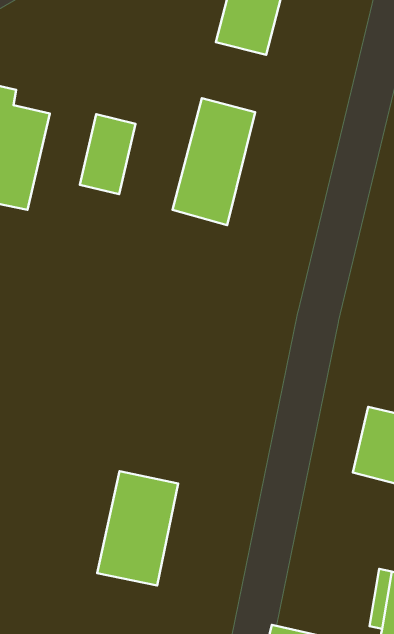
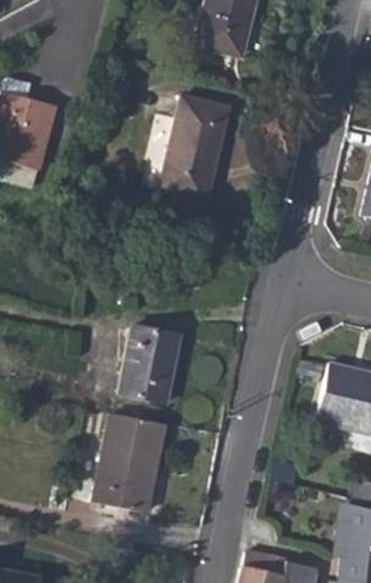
building: [80,114,135,194] -> none
building: none -> [122,327,182,402]

